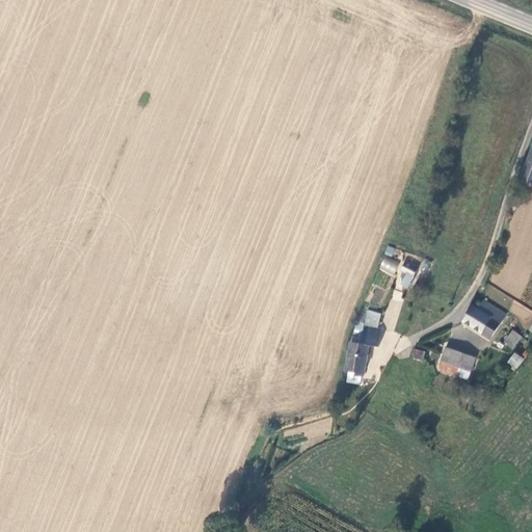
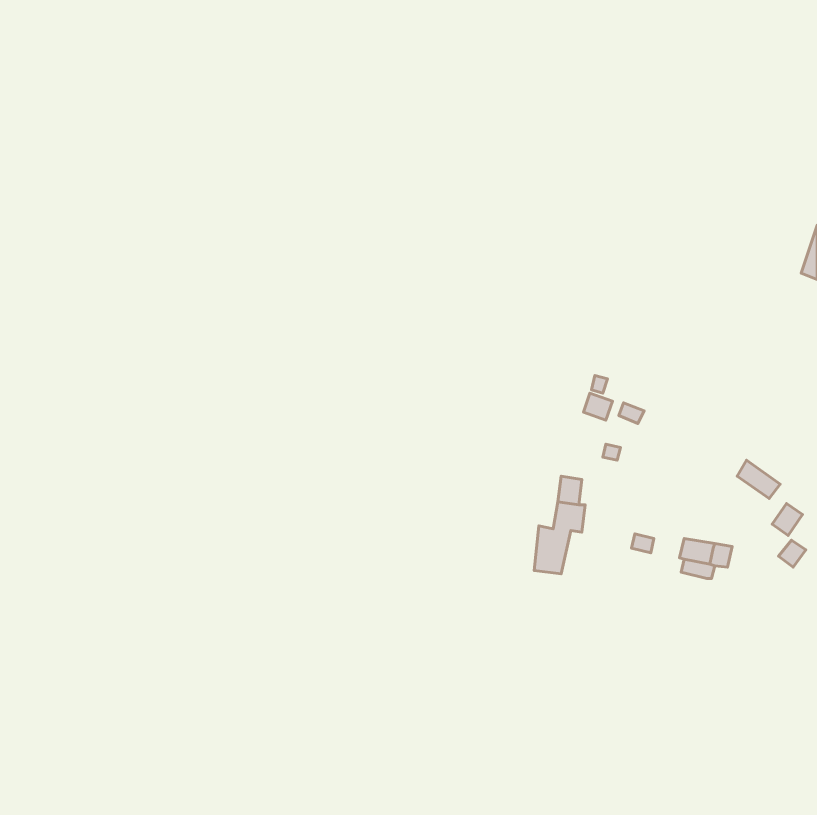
building: [464,305,500,338] -> none

